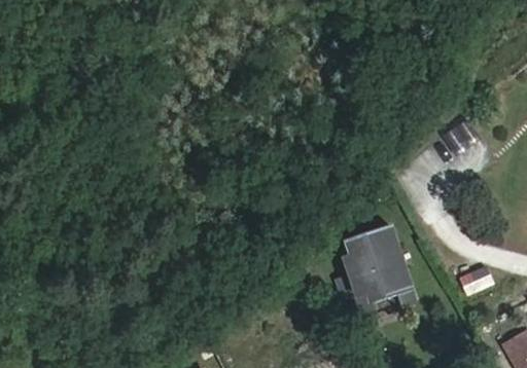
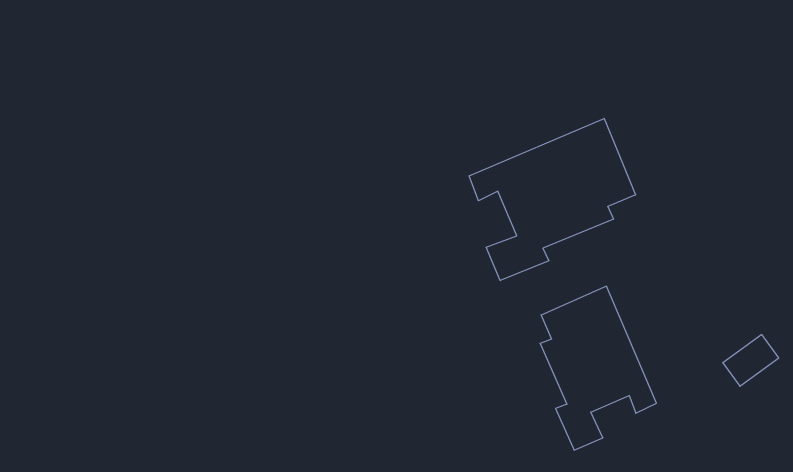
building: none -> [469,118,636,281]

